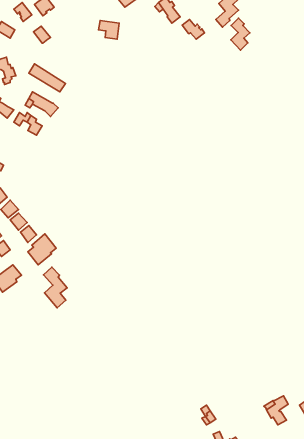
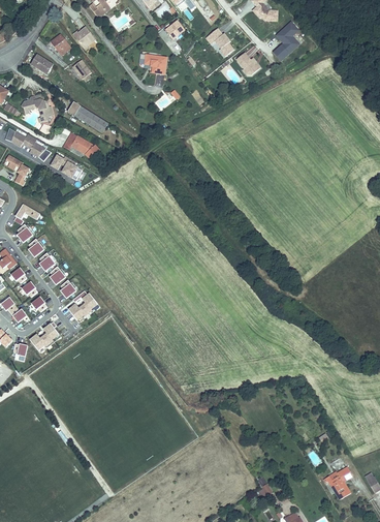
building: [231,18,250,50] -> none
building: [44,267,67,308] -> none

